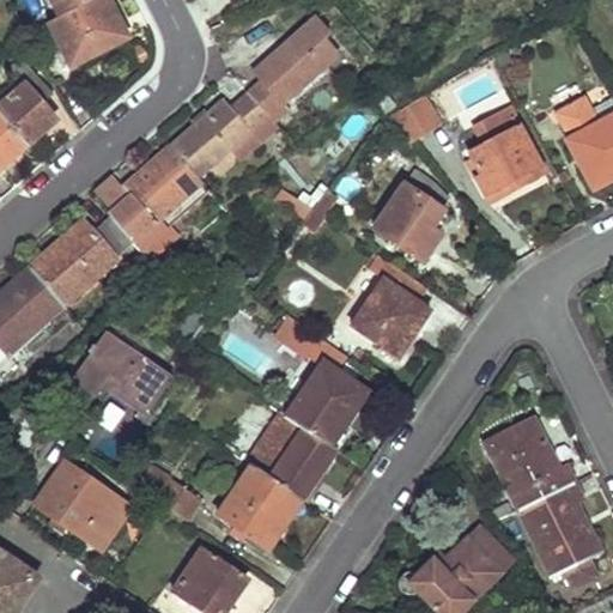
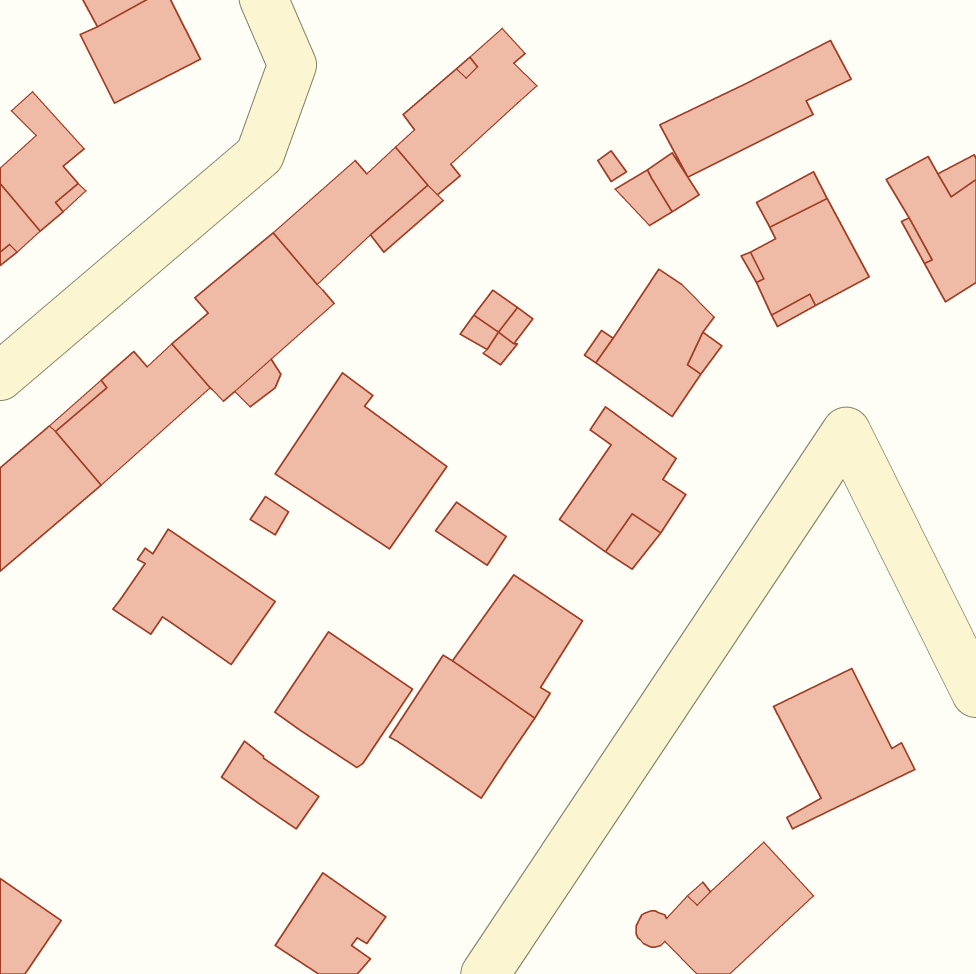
building: none -> [660,40,851,177]
building: none -> [275,373,447,549]
building: [35,462,131,551] -> none
building: [216,465,302,550] -> [275,632,412,767]
building: [518,482,600,587] -> none

